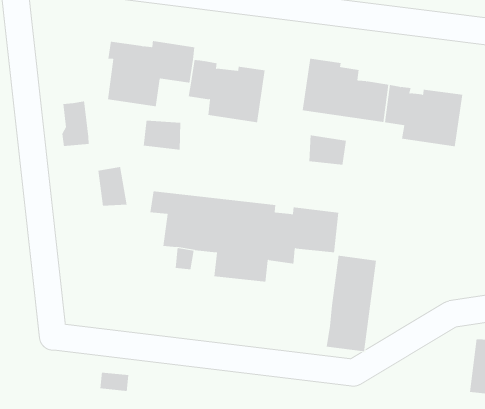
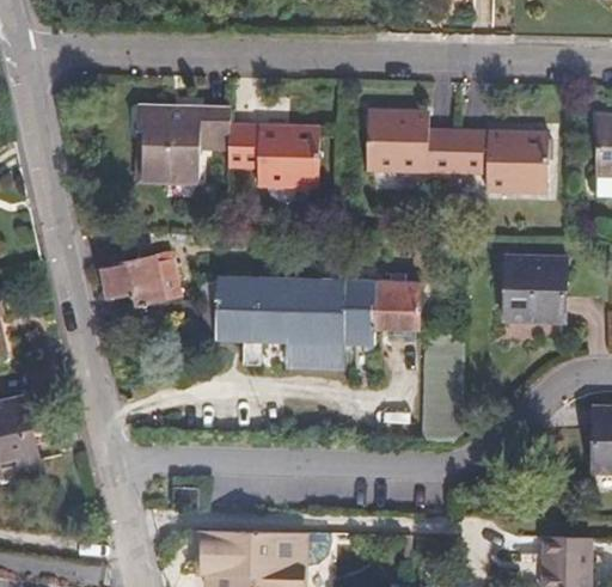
building: [61,101,90,147] -> [112,262,148,317]
building: [143,120,181,150] -> none
building: [309,135,346,165] -> none
building: none -> [506,257,564,318]

